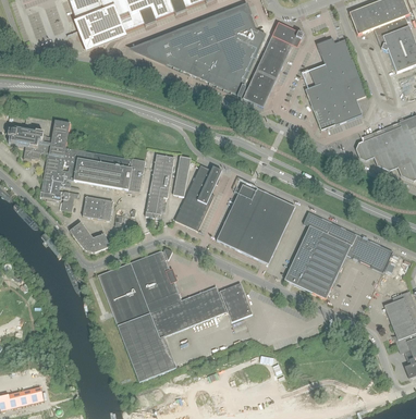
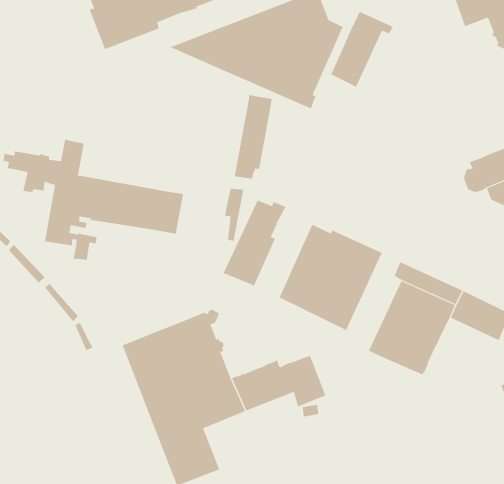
building: [305,37,366,127] -> none
building: [243,70,276,107] -> none
building: [145,153,174,218] -> [234,94,273,179]
building: [83,196,113,220] -> none
building: [70,221,110,252] -> none

